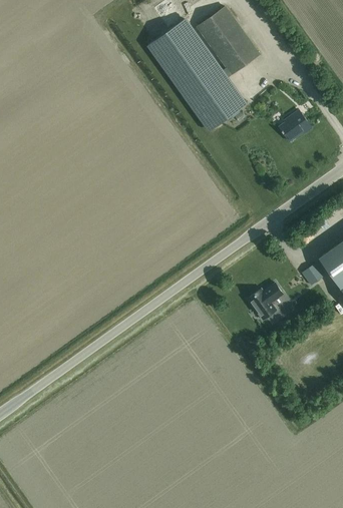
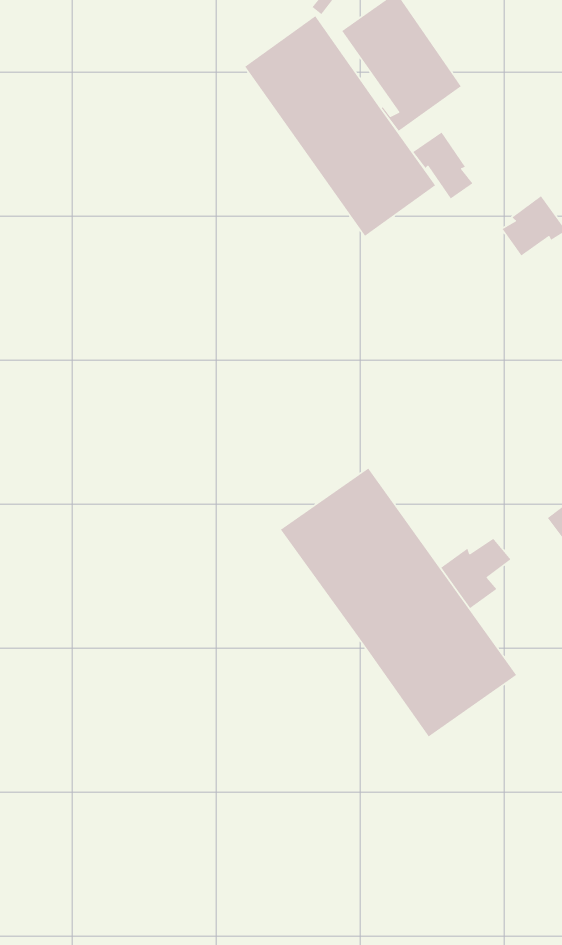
building: none -> [412,131,473,199]
building: none -> [280,467,517,738]

